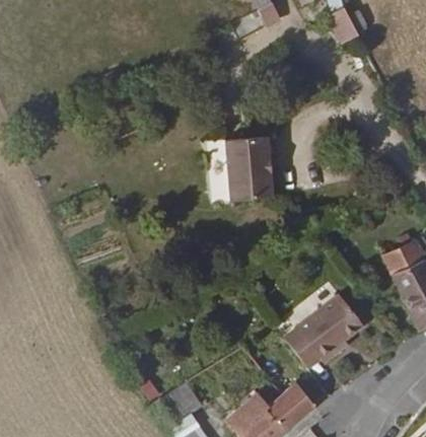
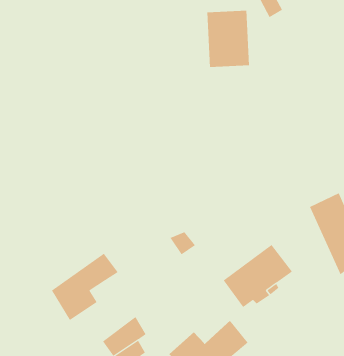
building: [233,135,282,199] -> [206,10,250,67]
building: none -> [51,253,119,321]

